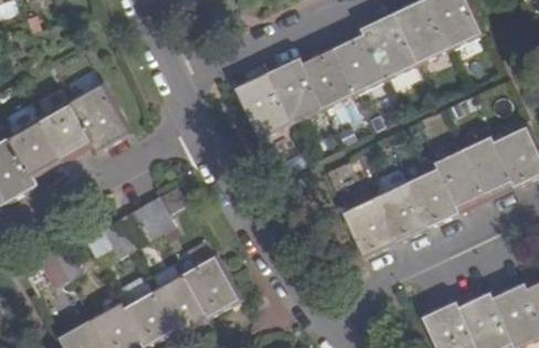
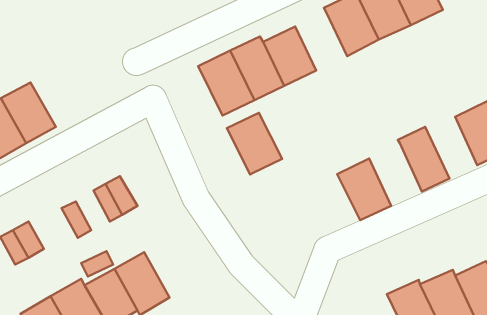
building: [332,32,384,91] -> none
building: [67,85,125,152] -> none
building: [463,134,515,199] -> none
building: [406,164,459,226] -> none
building: [342,194,398,256] -> [227,113,282,174]
building: [181,256,236,318] -> none

